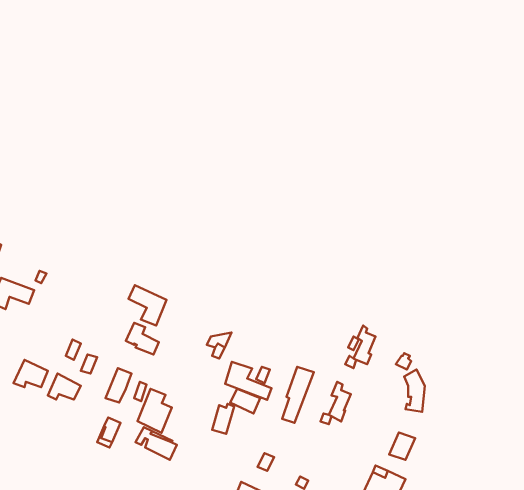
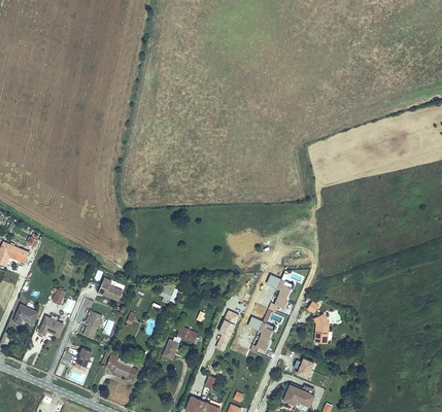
building: [129,285,166,326] -> none
building: [225,362,272,400] -> none
building: [137,389,172,433] -> none

